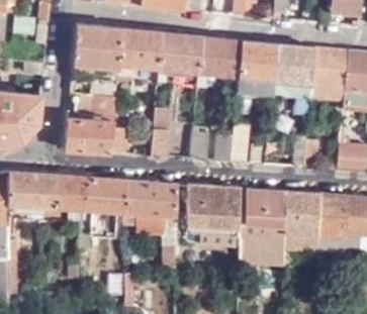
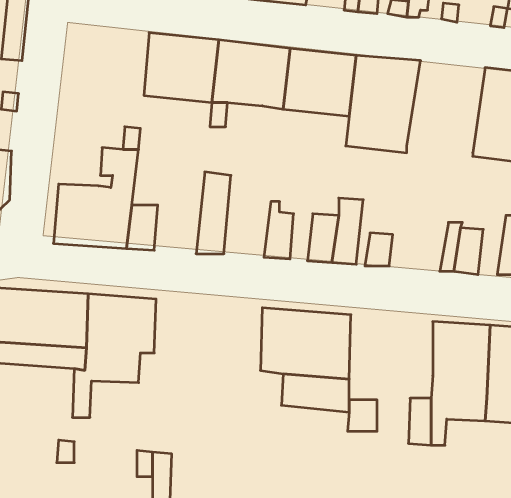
building: [76,22,122,66] -> none
building: [272,42,317,96] -> none
building: [125,181,177,267] -> none
building: [246,190,287,225] -> none

